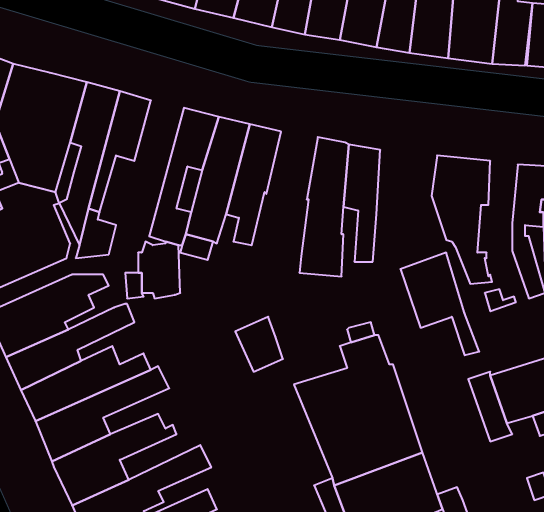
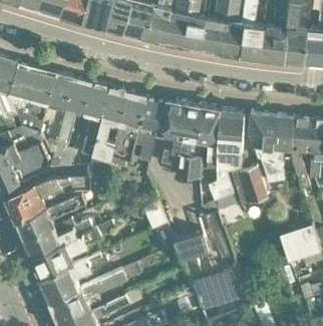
building: none -> [81,83,112,157]
building: none -> [157,100,186,169]
building: none -> [208,110,244,202]
building: none -> [273,116,295,183]

